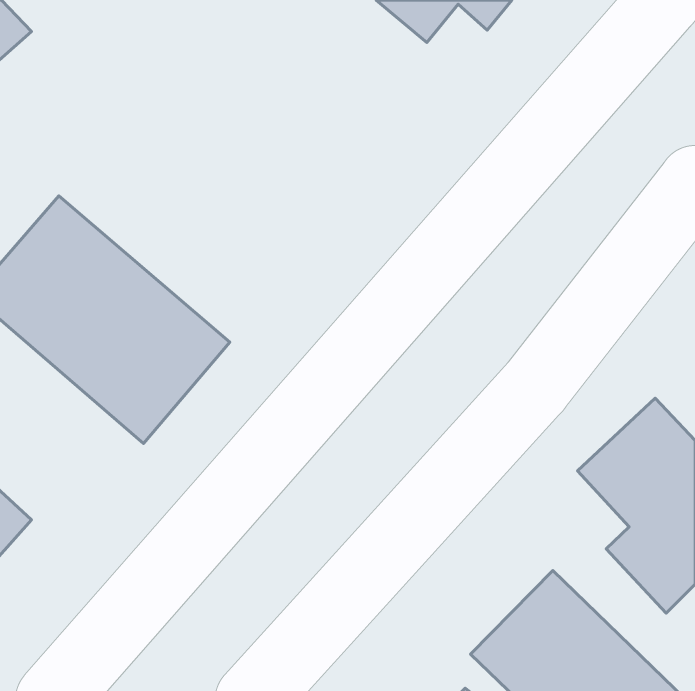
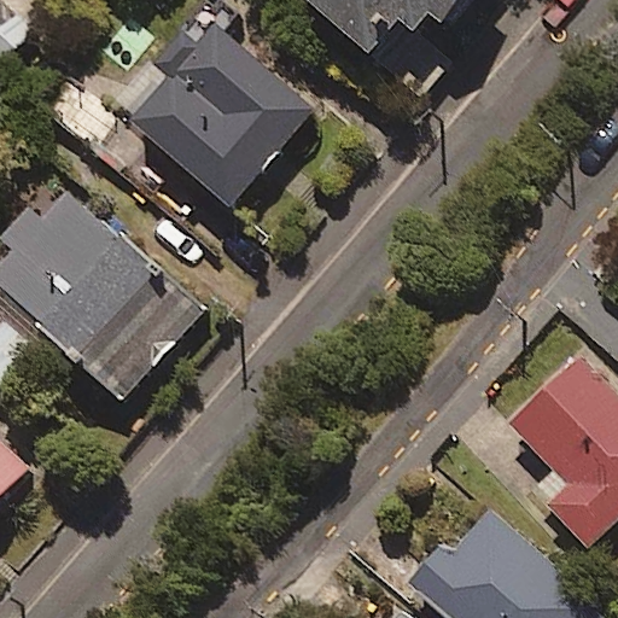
building: none -> [128,21,315,206]

